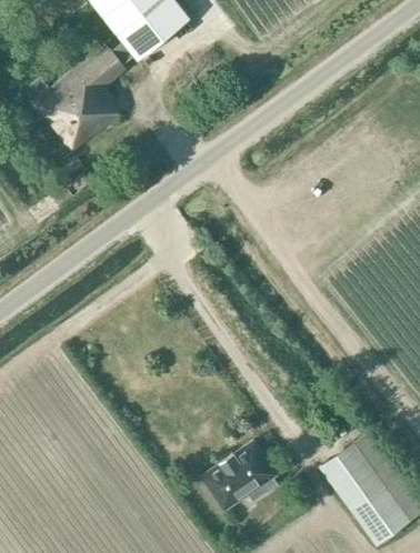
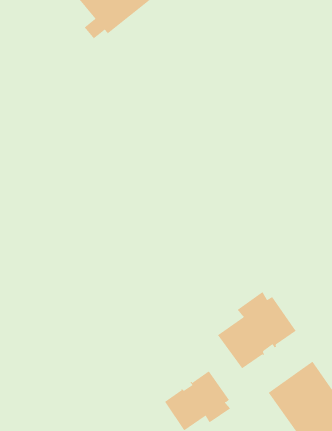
building: [31,43,128,152] -> none
building: none -> [217,291,297,369]

